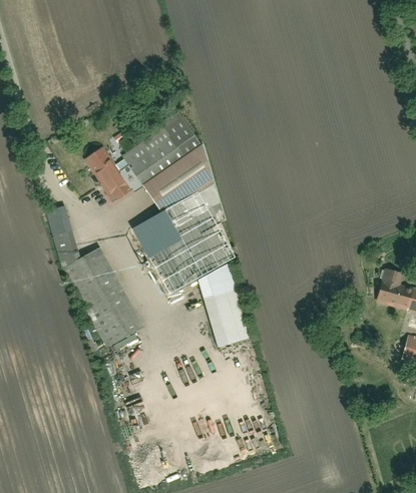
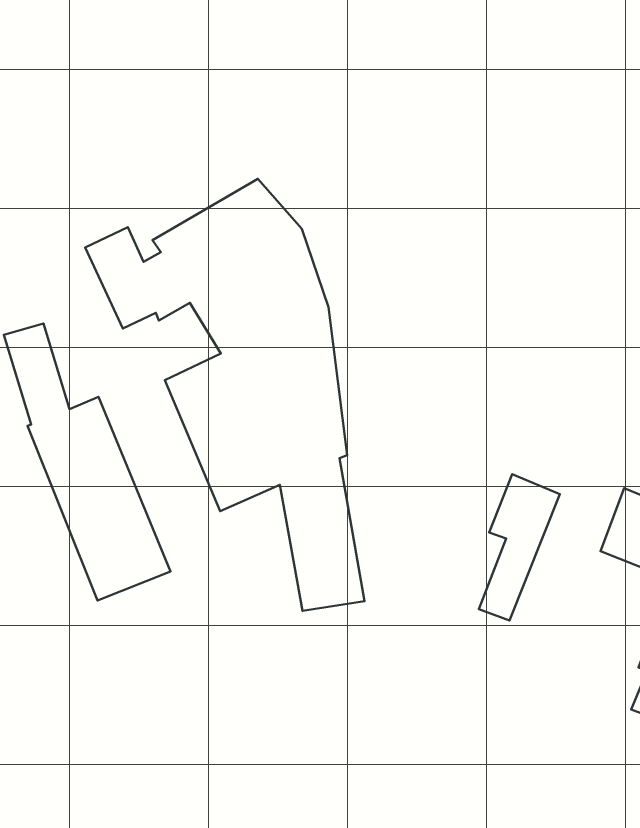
building: none -> [479,474,560,621]

